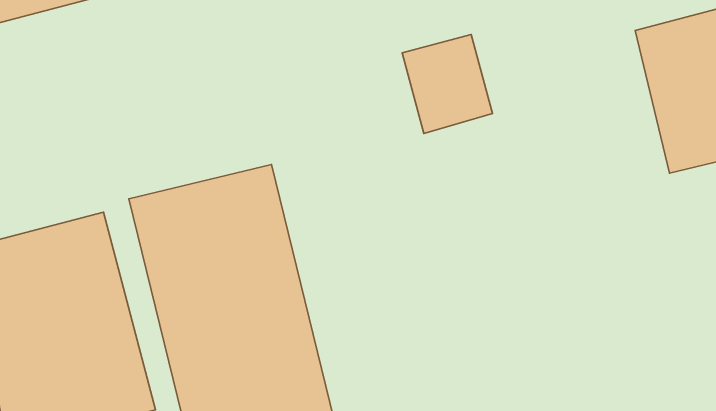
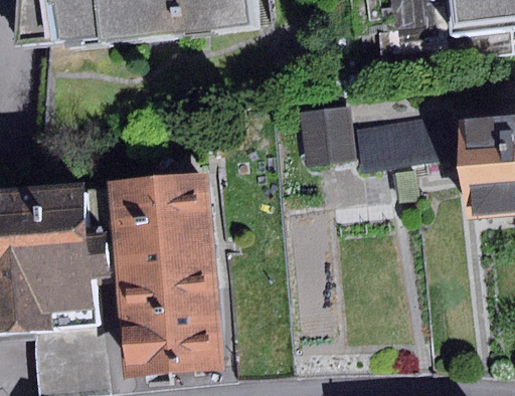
building: none -> [358,114,456,171]

